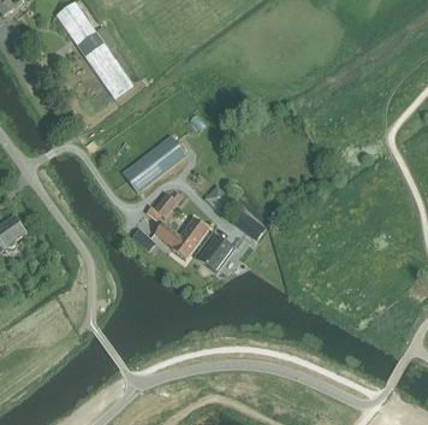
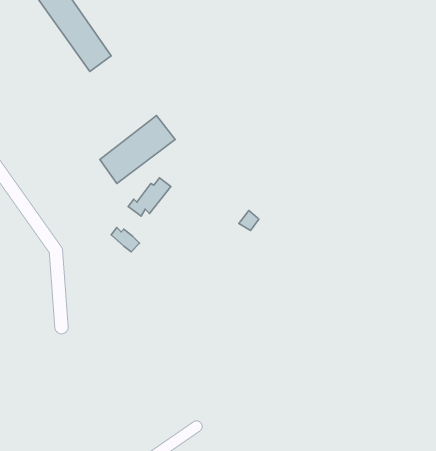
building: [155,216,208,256] -> none
building: [198,234,234,271] -> none

